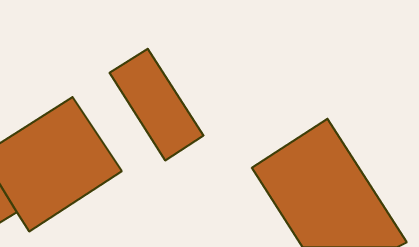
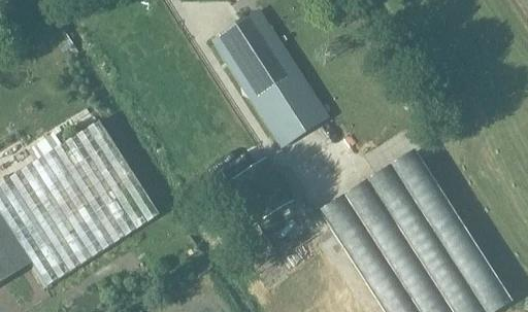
building: [109,49,204,160] -> [212,8,329,146]

